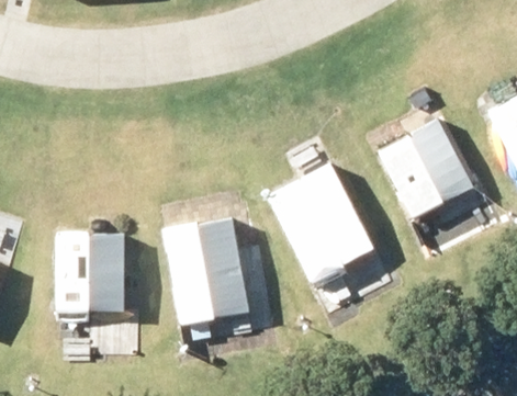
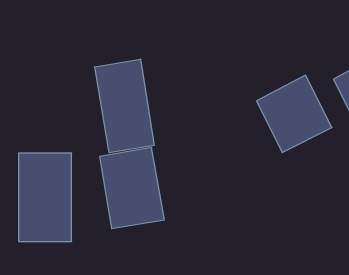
building: none -> [95,59,154,153]
building: [265,162,376,290] -> none

